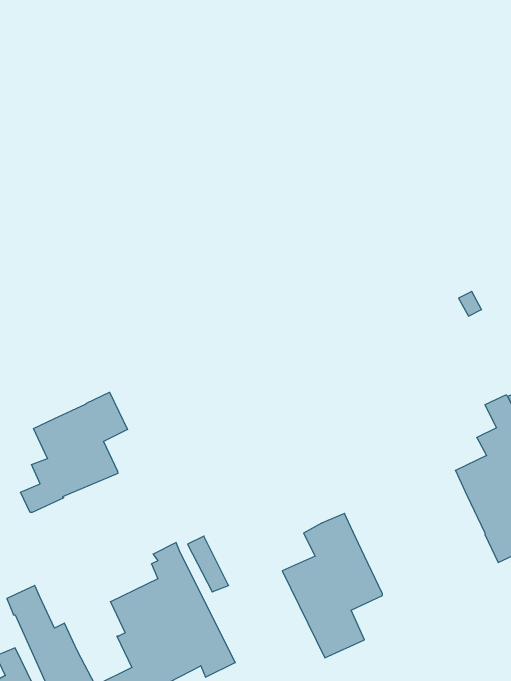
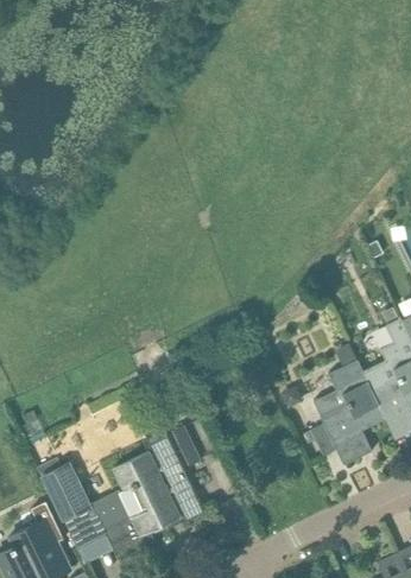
building: [21,392,128,512] -> none
building: [282,513,382,658] -> [311,361,384,465]

